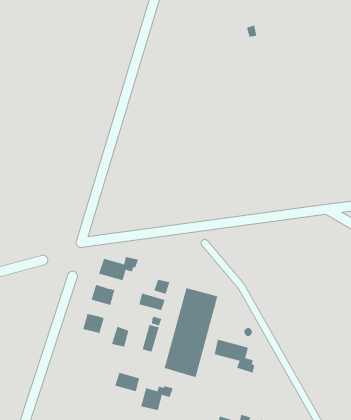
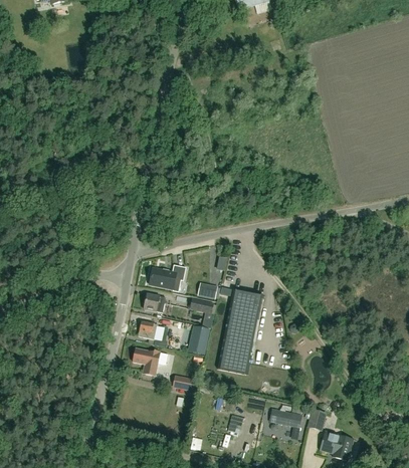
building: [214,339,255,373] -> none
building: none -> [133,348,166,376]
building: [141,386,173,411] -> none

